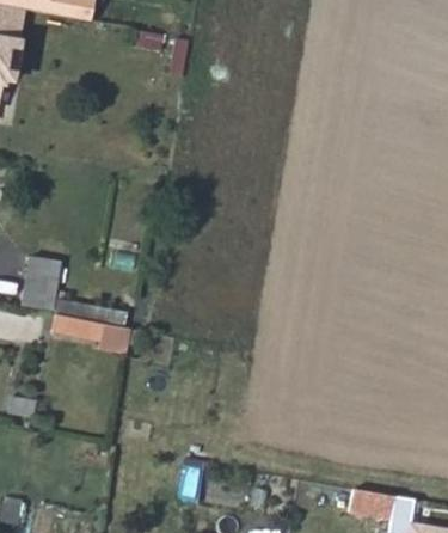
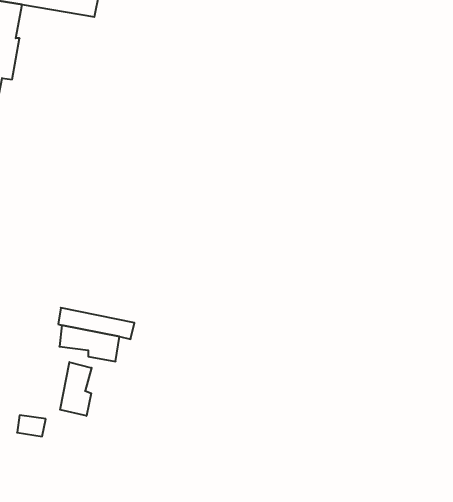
building: [23,256,61,308] -> none
building: none -> [60,362,92,416]

